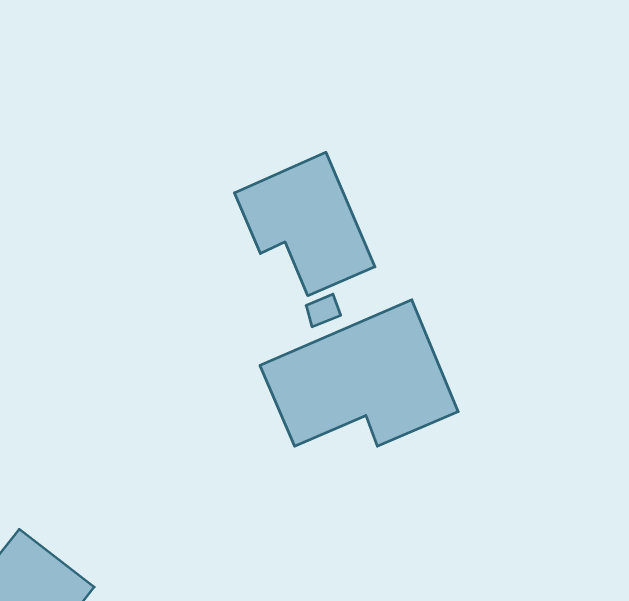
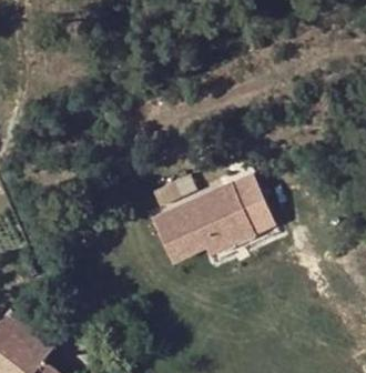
building: [234,152,375,296] -> none

